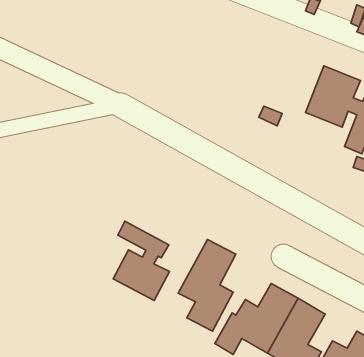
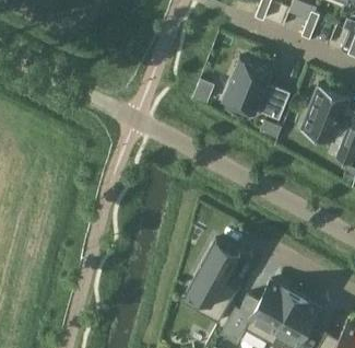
building: none -> [222,59,291,120]
building: [113,221,169,301] -> none

